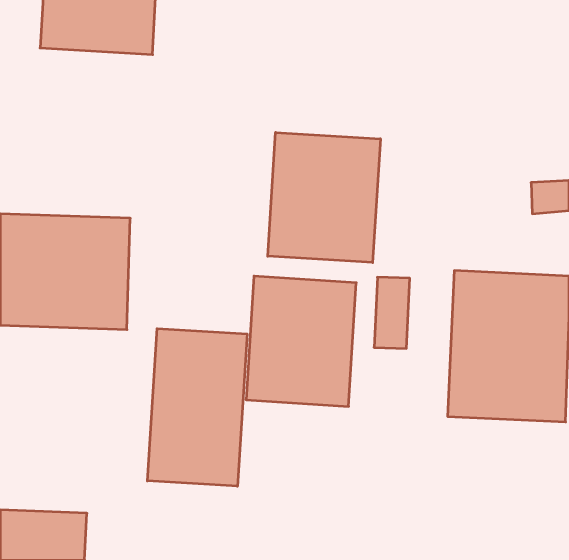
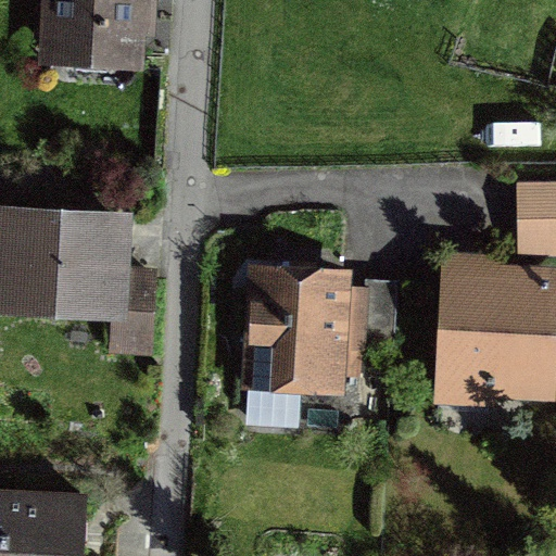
building: [268,132,380,263] -> none
building: [147,329,247,486] -> none

